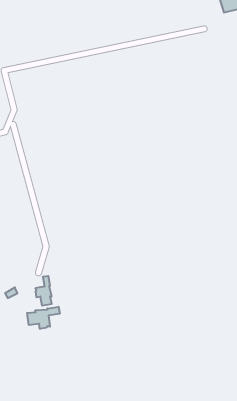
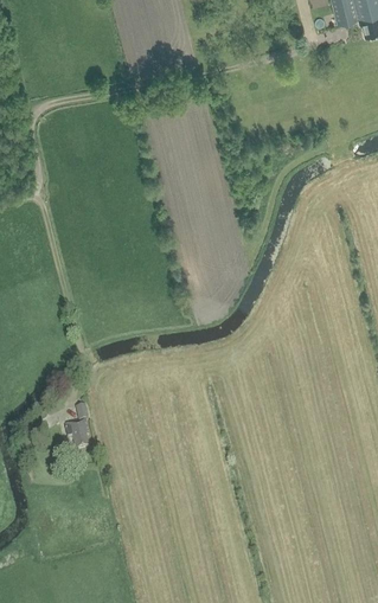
building: [27,307,60,329] -> none

